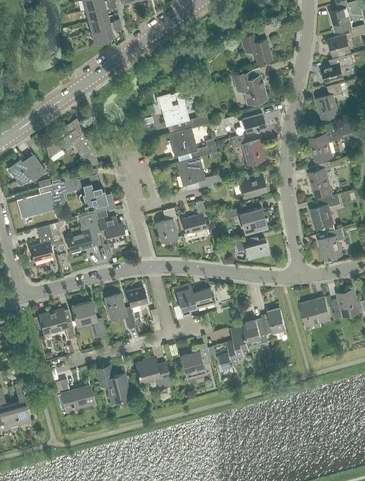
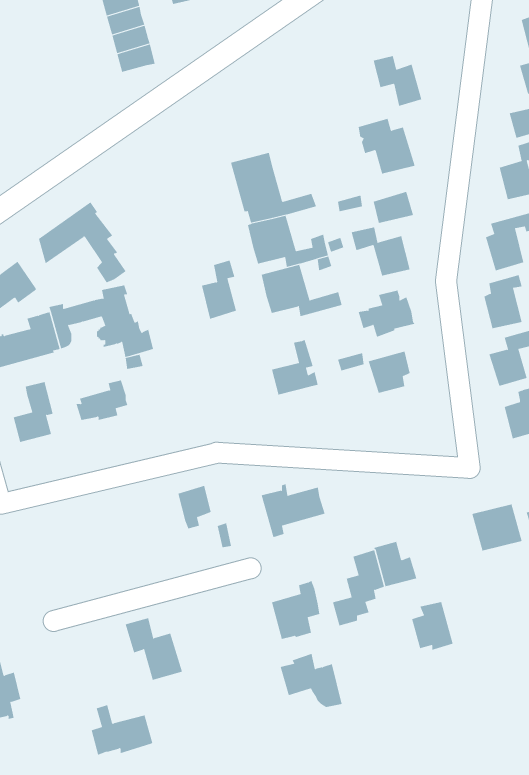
building: [156,208,177,243] -> [201,260,237,319]
building: [98,218,125,242] -> none
building: [234,235,269,259] -> none
building: [105,294,136,330] -> none
building: [72,302,106,337] -> none
building: [261,306,286,335] -> [411,601,454,651]
building: [39,310,76,340] -> none
building: [135,357,172,389] -> [280,653,343,708]
building: [57,380,94,410] -> [91,705,154,756]

